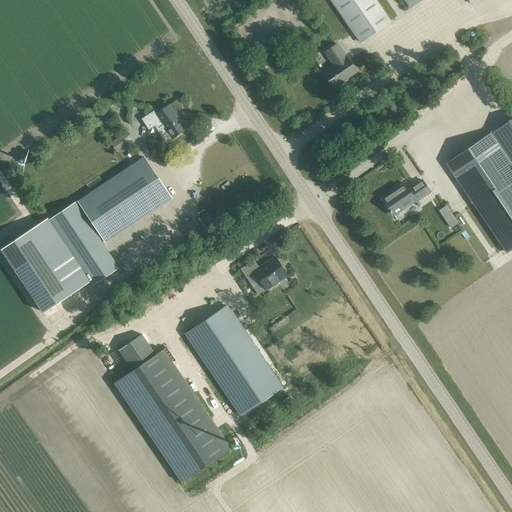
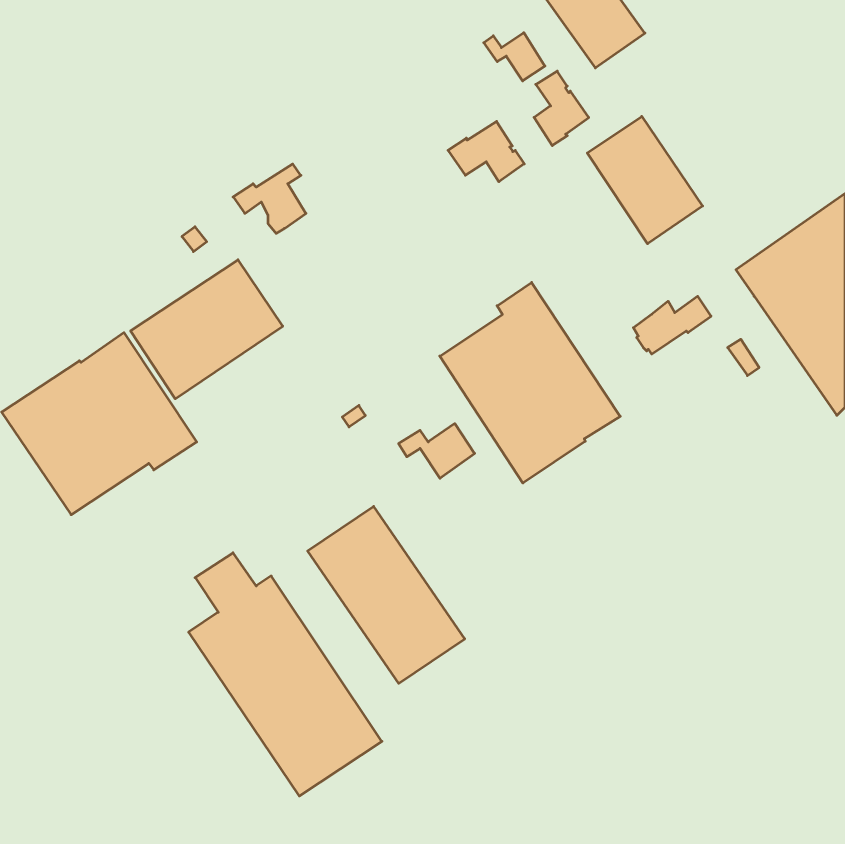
building: none -> [484,33,545,81]
building: none -> [587,116,703,244]
building: none -> [448,121,524,182]
building: none -> [440,282,620,483]

